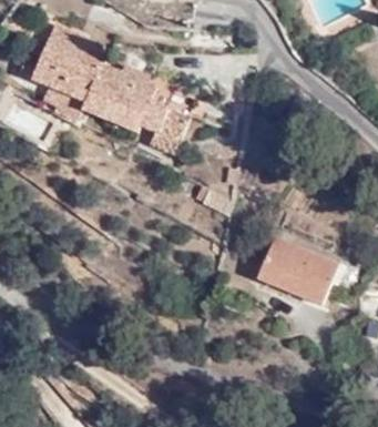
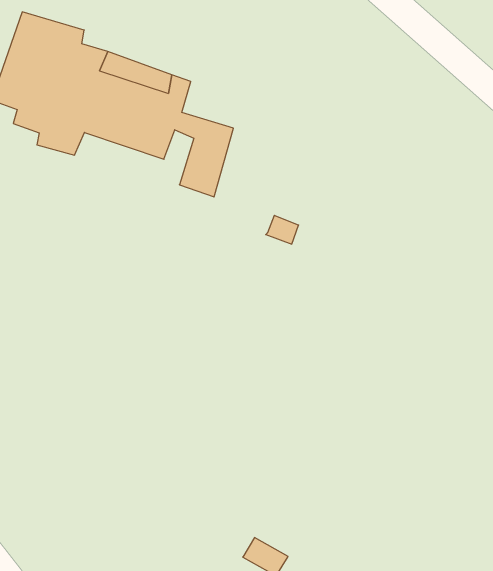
building: [258,238,331,303] -> none

